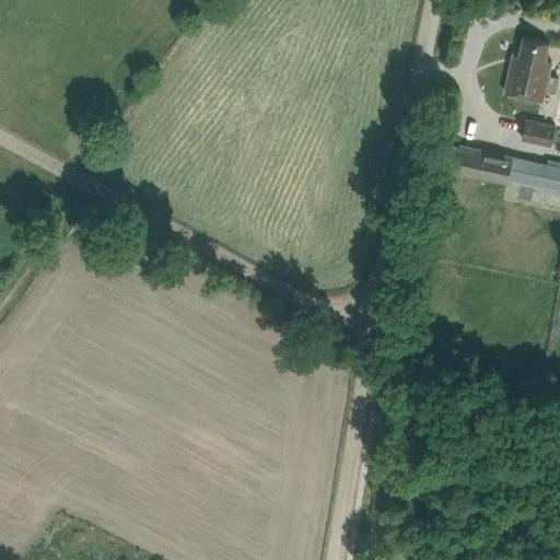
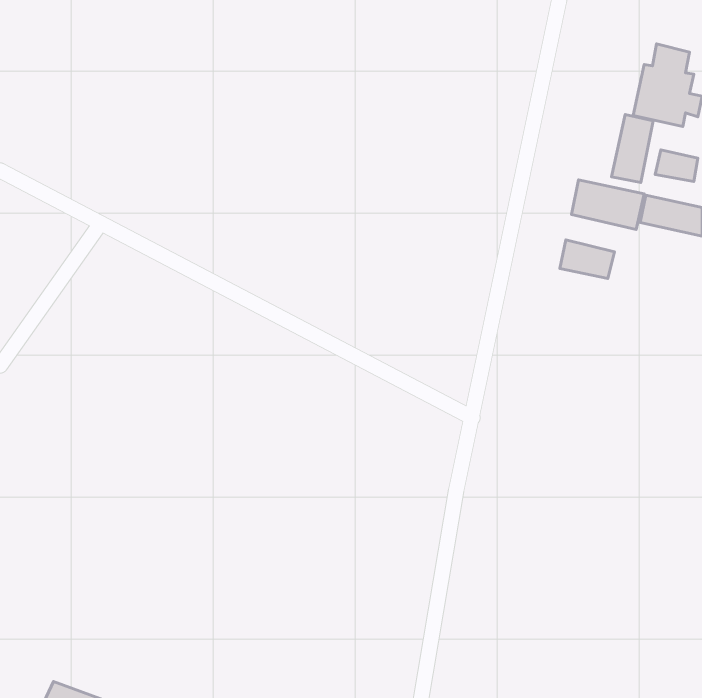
building: none -> [611,115,653,183]
building: none -> [560,240,615,279]

